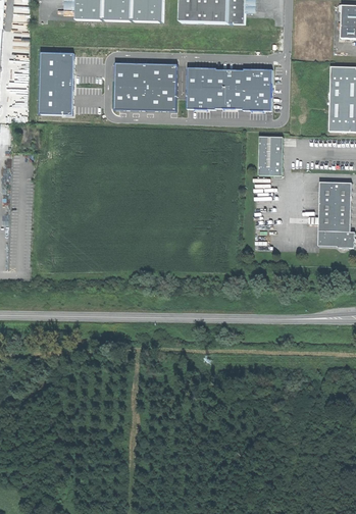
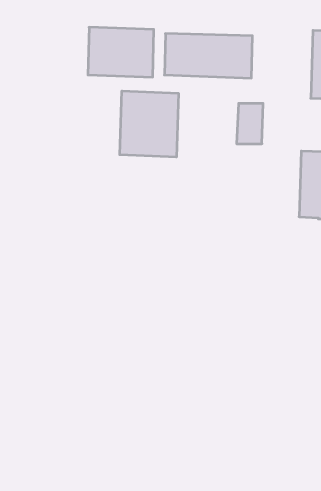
building: [39,51,73,113] -> none
building: none -> [120,91,178,157]

